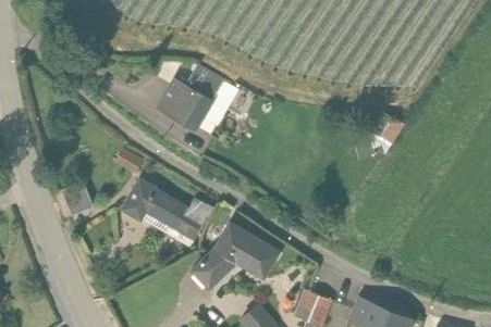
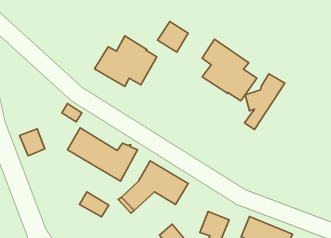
building: none -> [158,22,188,52]
building: none -> [202,39,257,101]
building: none -> [80,192,109,217]

